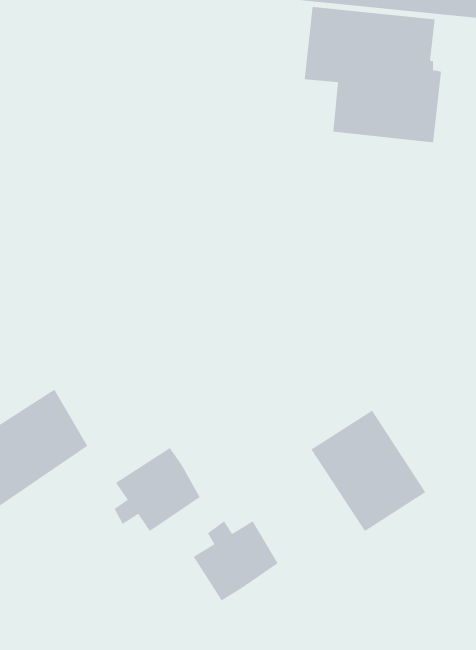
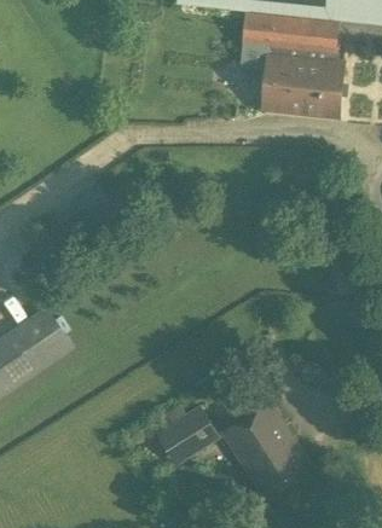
building: [311,410,426,532] -> [221,401,309,494]
building: [114,447,201,532] -> none

